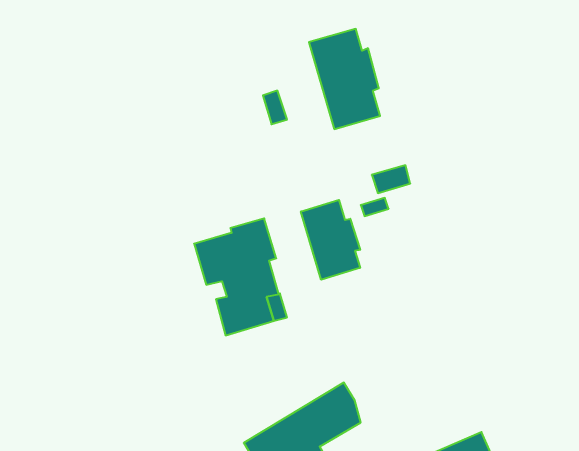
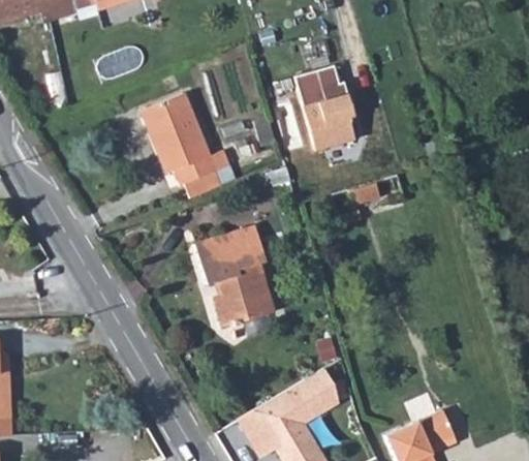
building: none -> [142,93,230,198]
building: [301,200,360,280] -> none

